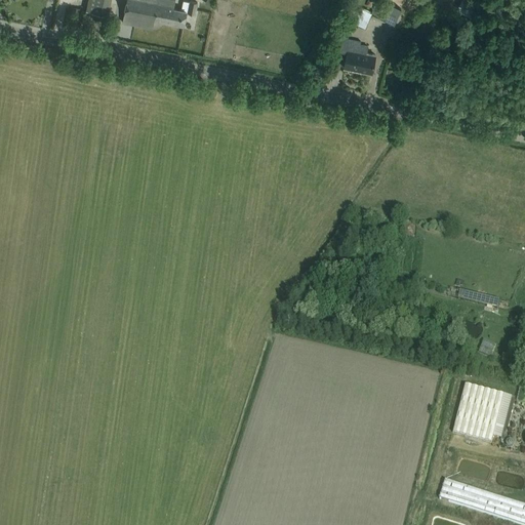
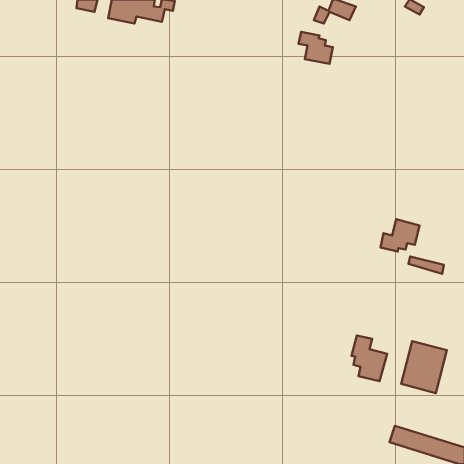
building: none -> [380,219,419,252]
building: none -> [352,335,387,381]

